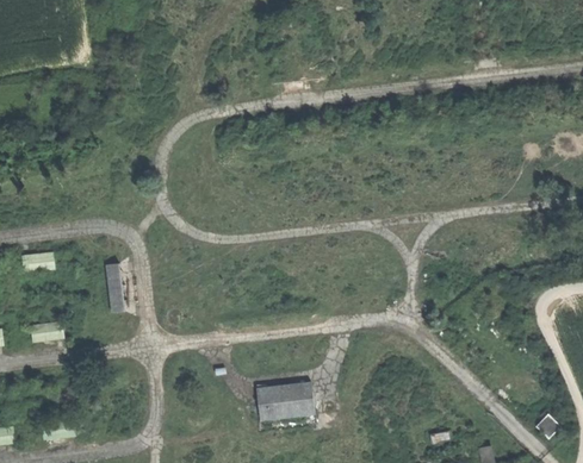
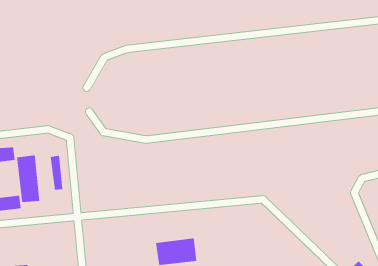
building: none -> [17,154,40,203]

